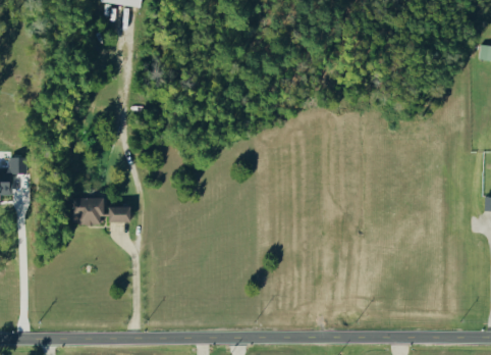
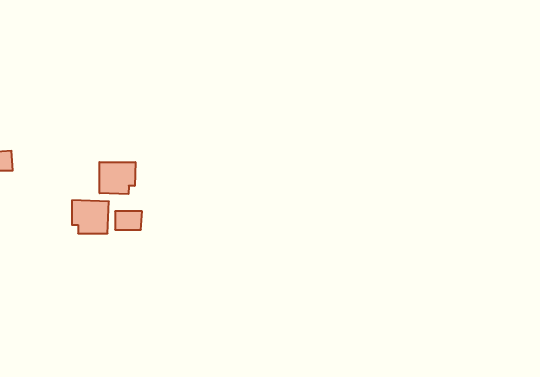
building: none -> [99,162,135,194]

